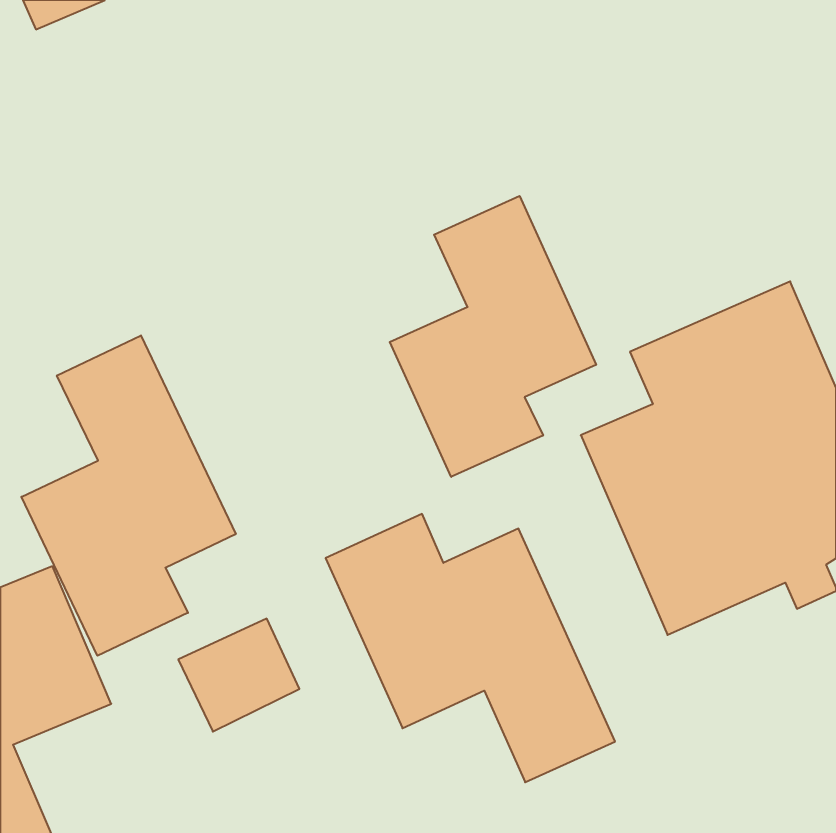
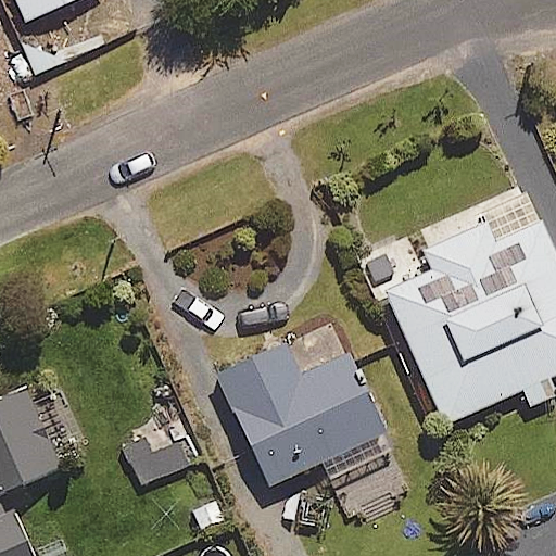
building: [390,196,596,477] -> none
building: [21,335,236,656] -> none

